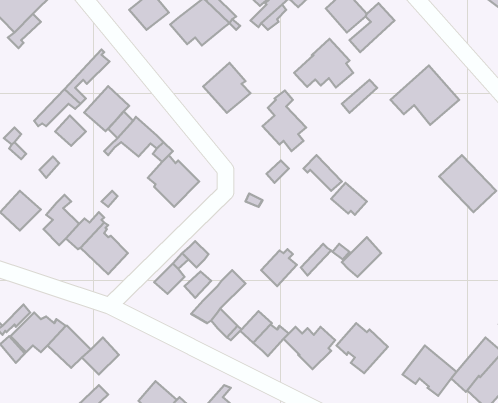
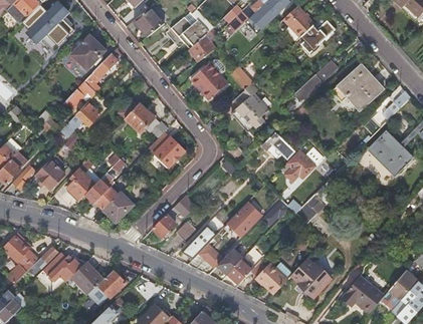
building: none -> [189,34,216,61]
building: [294,39,353,87] -> none
building: [84,86,129,131] -> [71,35,105,69]

